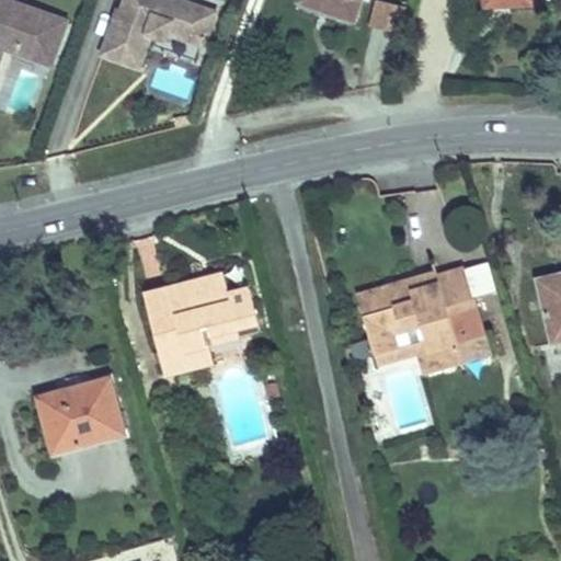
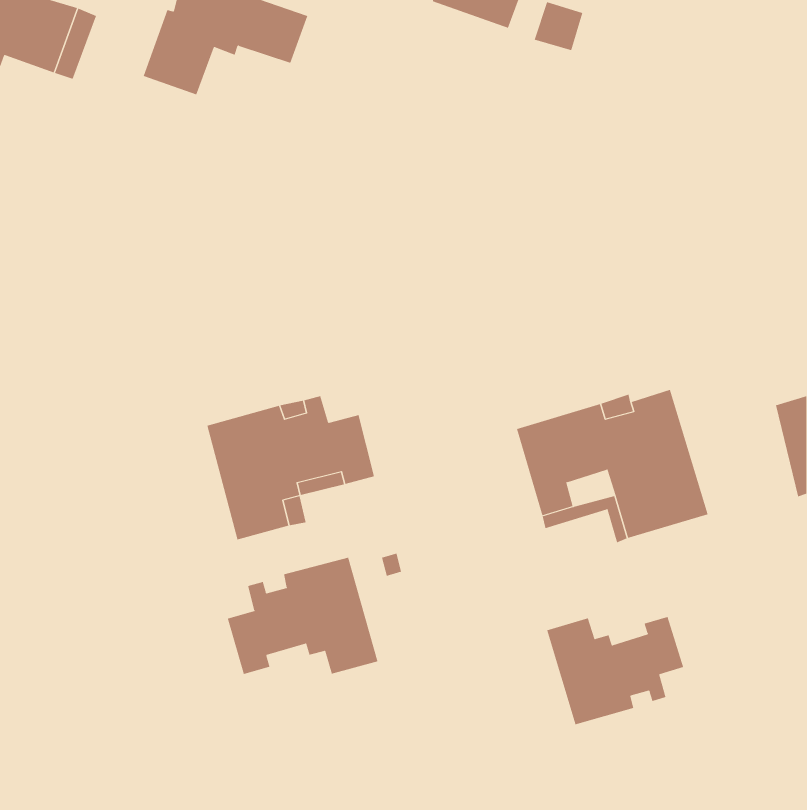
building: [38,378,123,451] -> none
building: none -> [227,557,378,675]
building: none -> [546,616,684,725]

